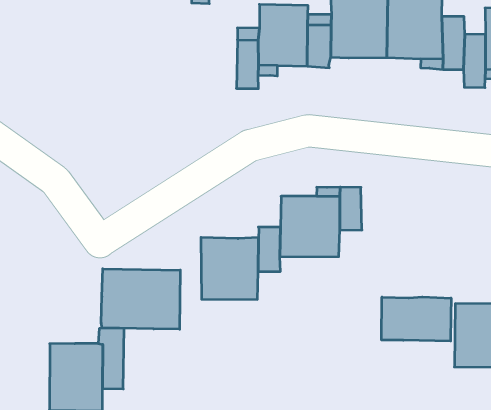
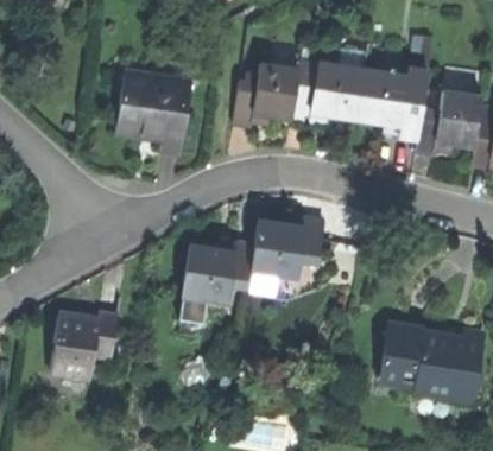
building: none -> [116,74,192,155]
building: [101,269,180,329] -> none
building: [382,297,451,341] -> none

